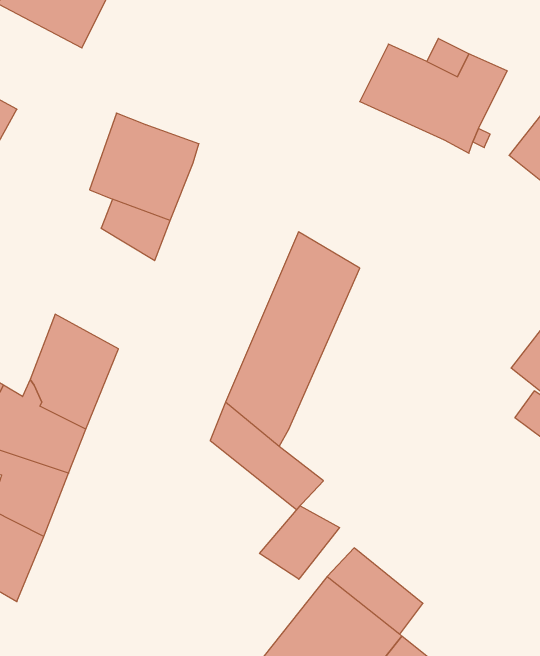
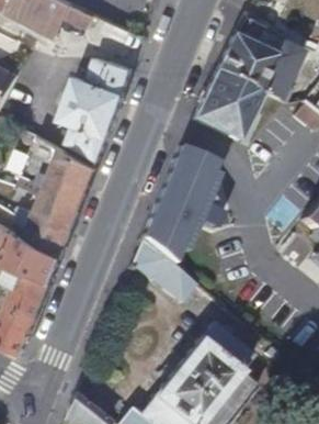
building: none -> [91,58,132,93]
building: none -> [192,69,263,138]
building: none -> [16,136,94,211]
building: [260,506,340,579] -> none

